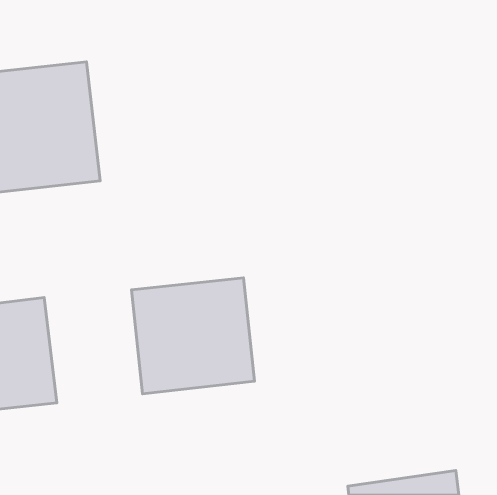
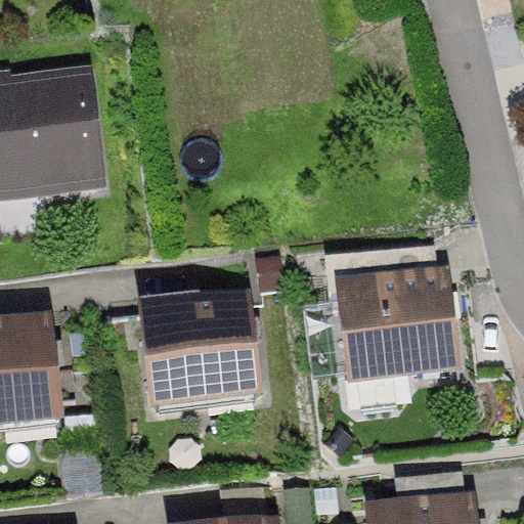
building: none -> [334,264,466,389]

